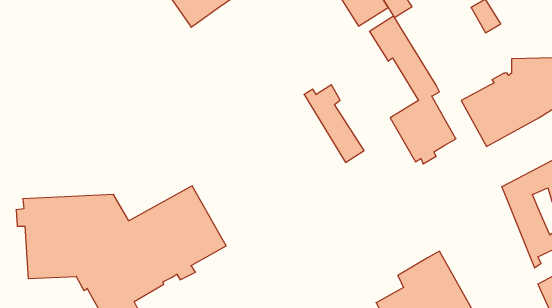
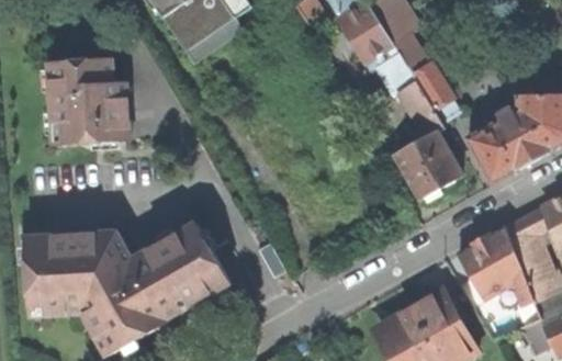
building: none -> [46,57,128,143]
building: [304,85,364,162] -> [398,43,459,121]
building: none -> [459,223,543,326]

